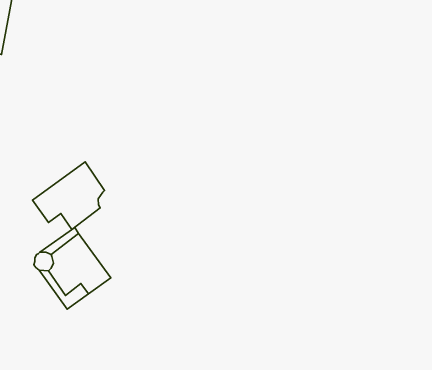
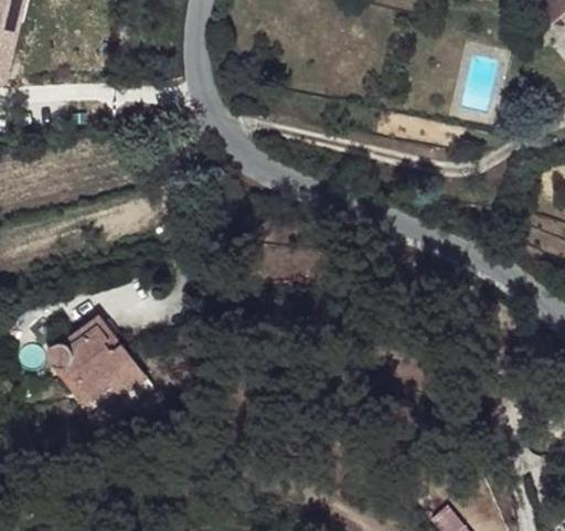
building: [32,162,104,230] -> none

